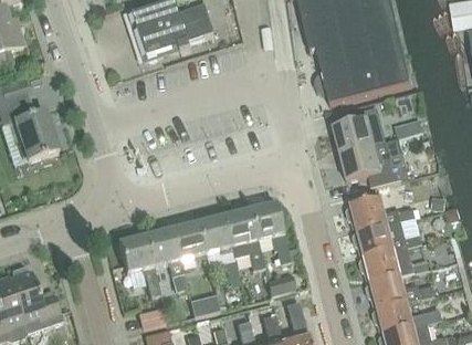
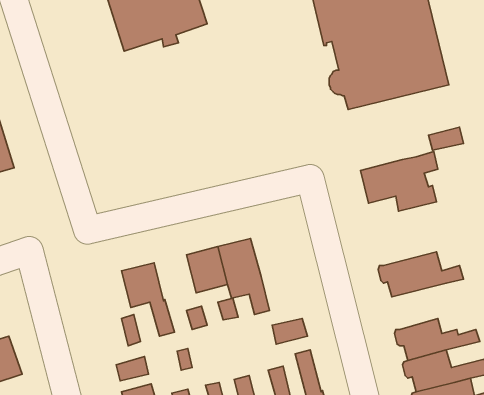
building: [333,107,385,154] -> none
building: [347,196,416,231] -> none
building: [250,202,291,263] -> none
building: [171,218,206,260] -> none
building: [118,236,153,272] -> none
building: [360,245,430,283] -> none

